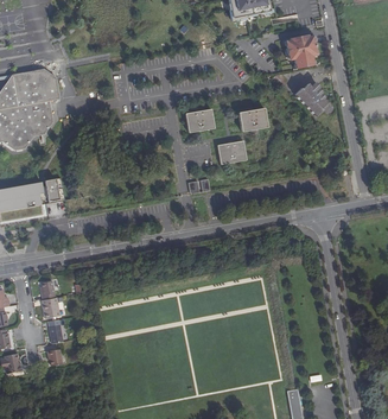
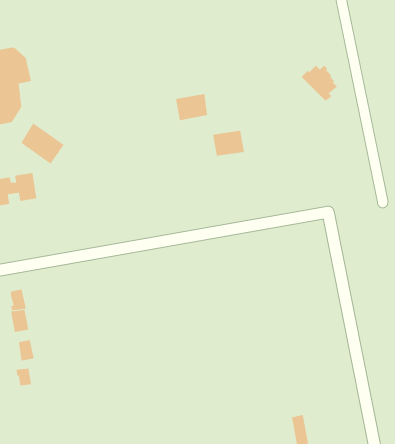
building: [285,36,316,70] -> none
building: [238,109,267,132] -> none
building: none -> [21,123,65,165]

